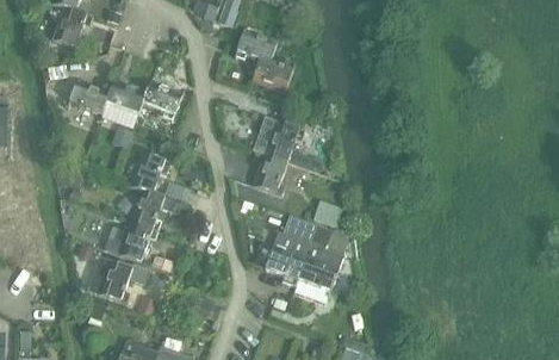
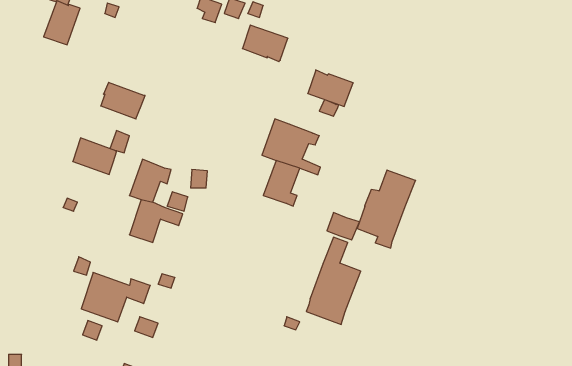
building: [250,57,292,91] -> [308,70,353,106]
building: [68,80,108,113] -> [73,138,117,174]
building: [142,81,181,114] -> none
building: [265,213,318,285] -> [357,170,416,248]
building: [119,221,153,261] -> none

